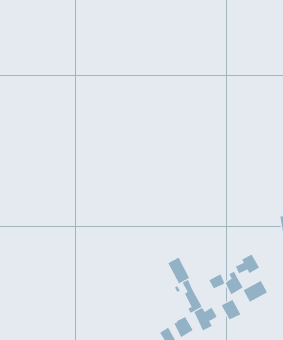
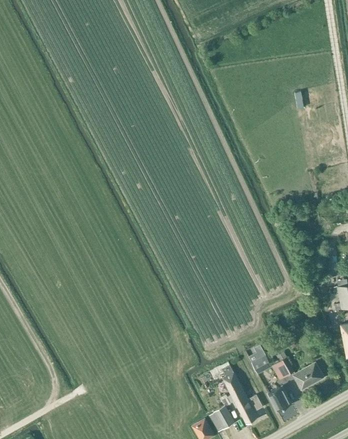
building: [235,254,260,274] -> none
building: [168,257,190,284] -> none

